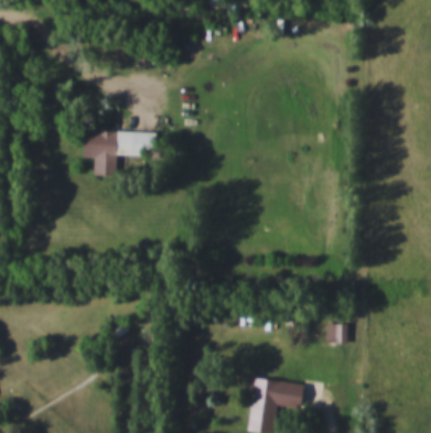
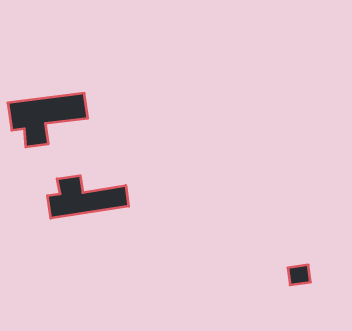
building: none -> [47,176,129,218]

